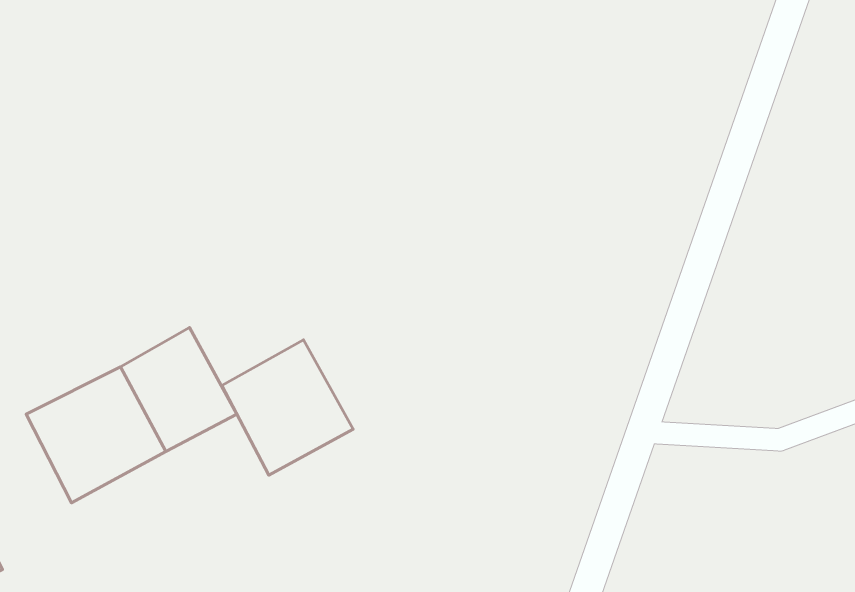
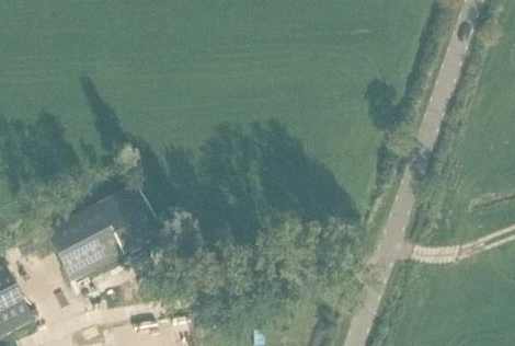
building: [222,340,353,475] -> none

